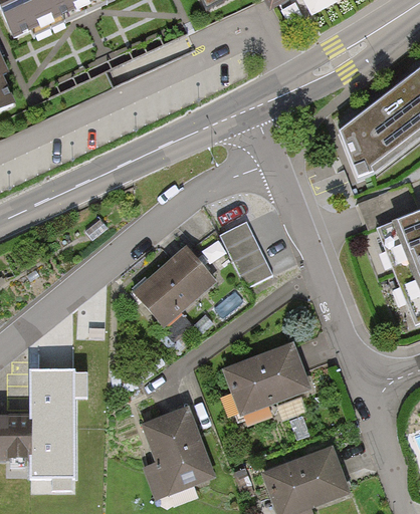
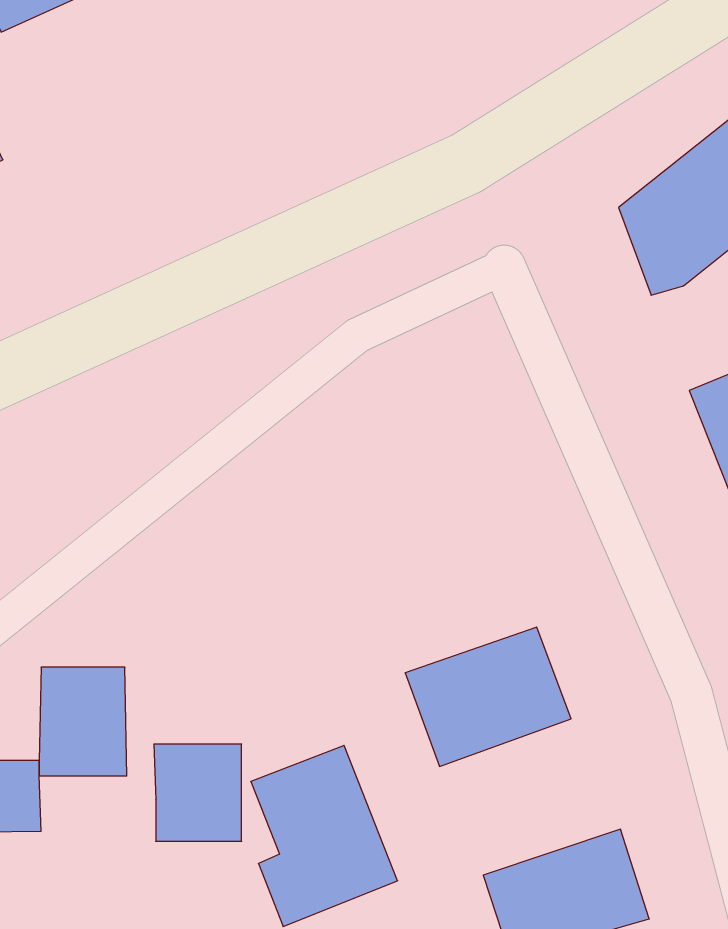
building: [215,216,269,283] -> none
building: [137,253,218,331] -> none
building: [30,424,76,475] -> [154,744,242,841]

